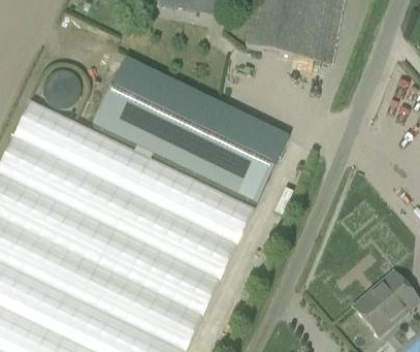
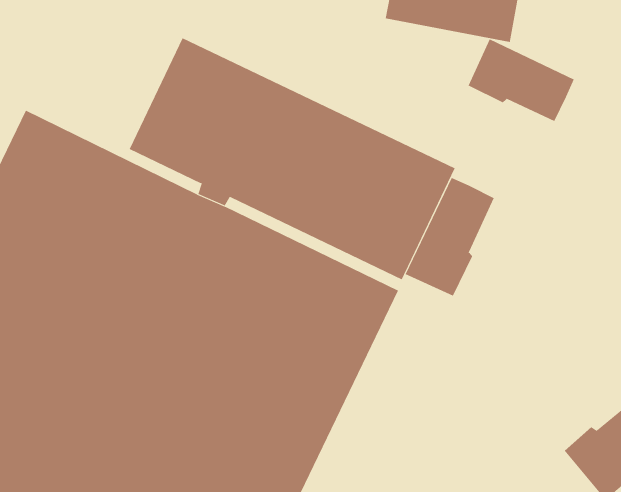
building: none -> [468,39,575,122]
building: none -> [405,177,495,297]

